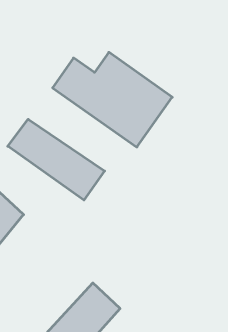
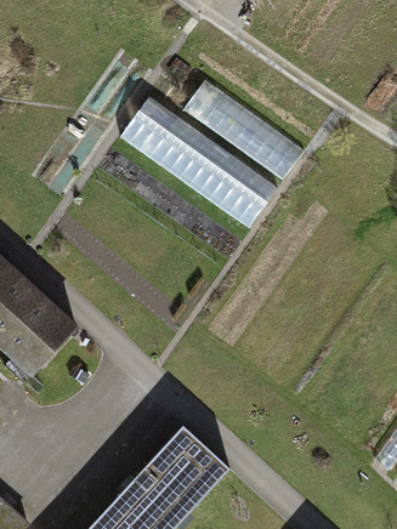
building: [8,119,105,200] -> none

